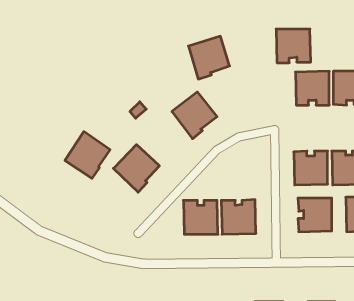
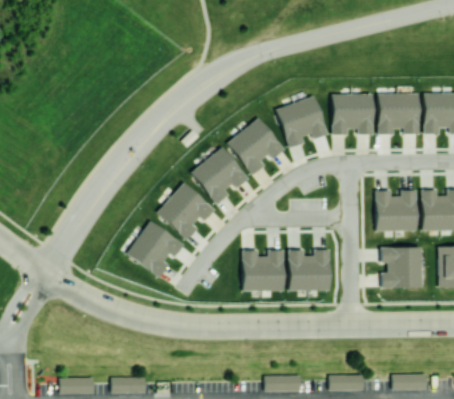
building: [276,29,311,63] -> [332,94,374,135]
building: [188,36,230,79] -> [277,96,327,148]
building: none -> [191,147,247,204]
building: [65,132,110,178] -> [127,220,182,277]

